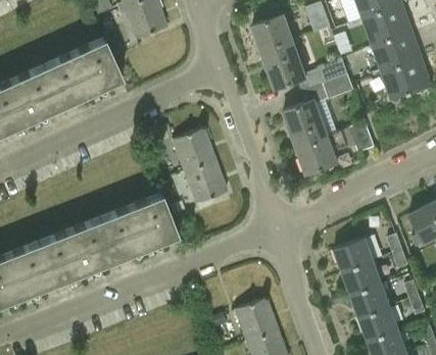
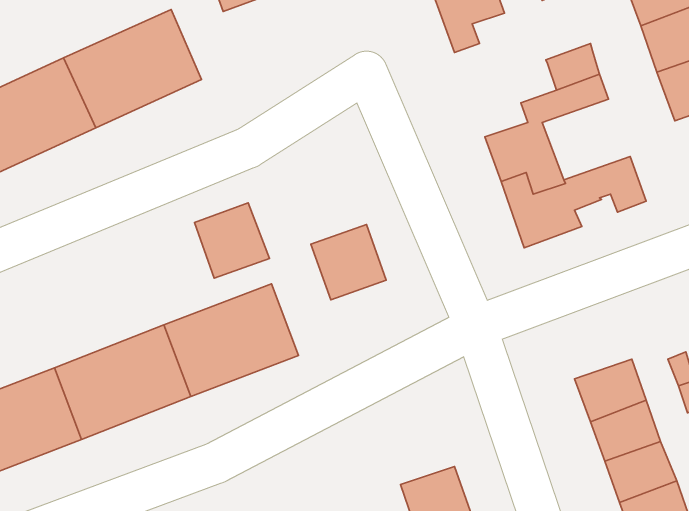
building: [267,42,311,90] -> none
building: [174,131,216,173] -> [194,203,270,278]

